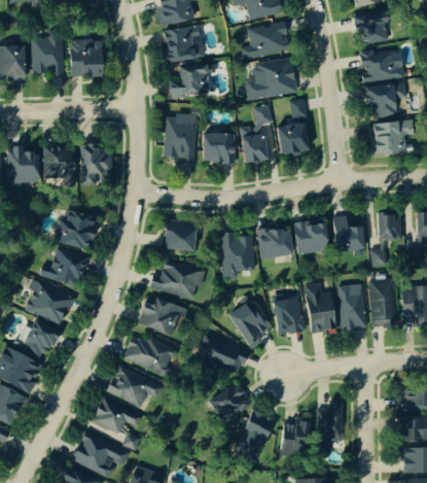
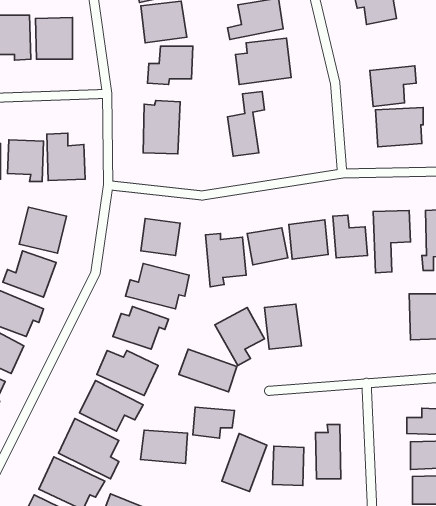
building: [360,48,404,81] -> none
building: [276,98,310,154] -> none
building: [202,133,235,163] -> none
building: [370,279,395,325] -> none
building: [305,283,335,334] -> none
building: [340,284,366,330] -> none
building: none -> [141,430,188,464]

